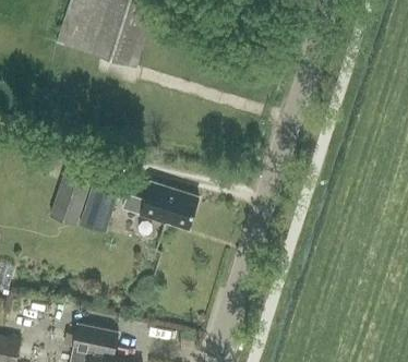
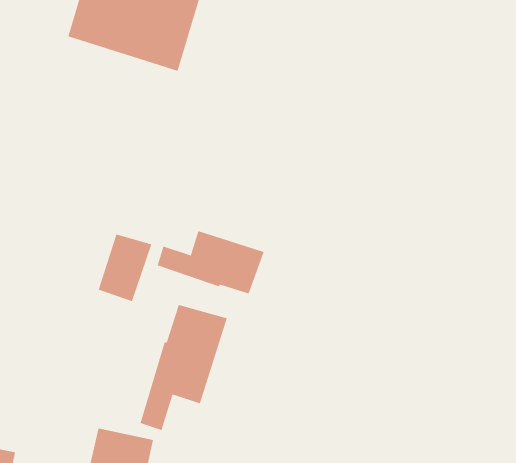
building: [51,176,89,224] -> none
building: none -> [140,304,228,431]

